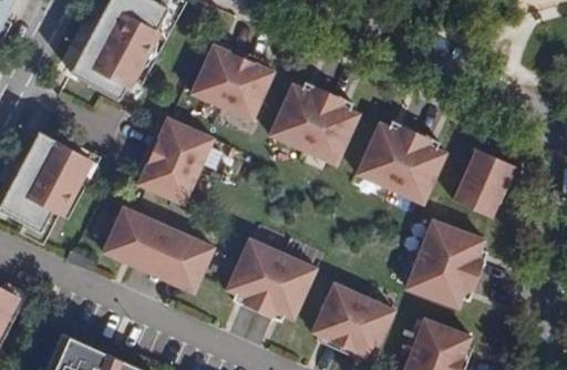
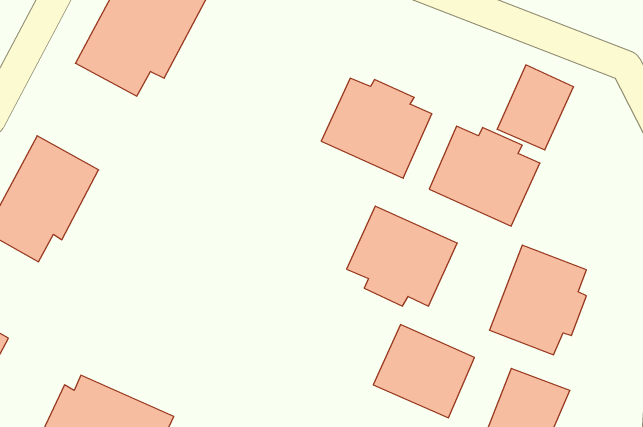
building: [192,44,274,120] -> none
building: [137,117,213,204] -> none
building: [452,148,514,217] -> [497,65,574,150]
building: [103,207,213,292] -> none
building: [226,238,316,319] -> [347,206,457,306]

